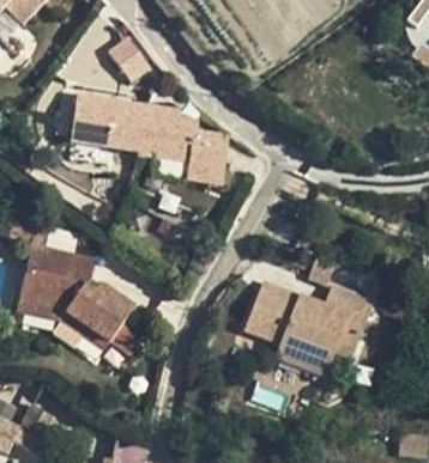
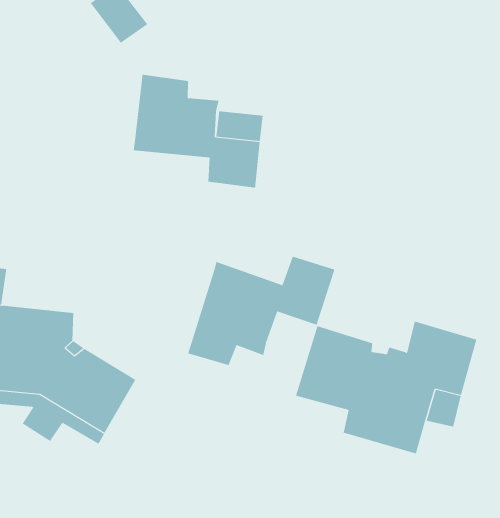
building: [77,84,153,145] -> none
building: none -> [188,256,335,366]

